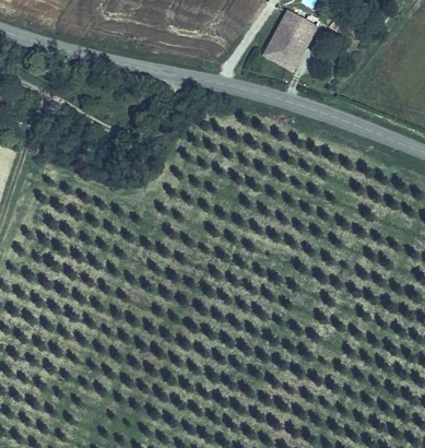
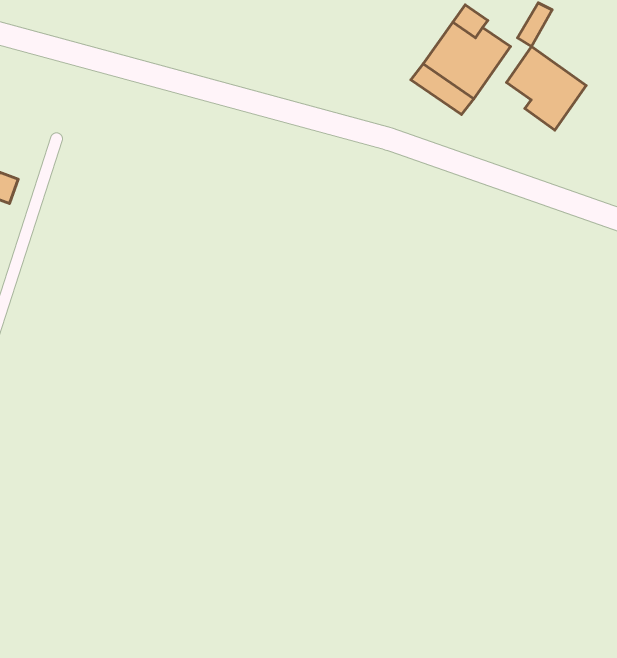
building: none -> [506,47,586,130]

